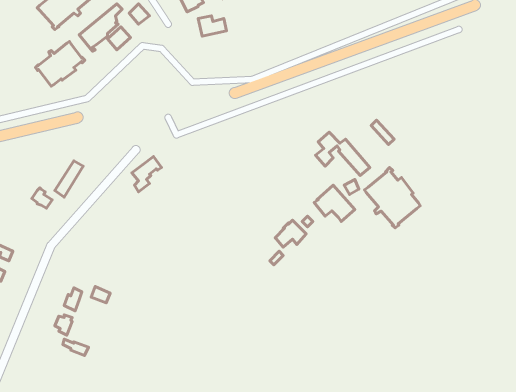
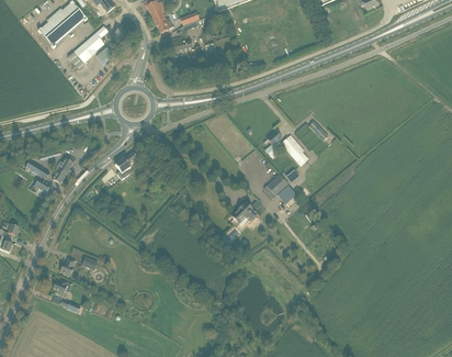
building: [36,42,85,86] -> none
building: [364,168,420,228] -> none

